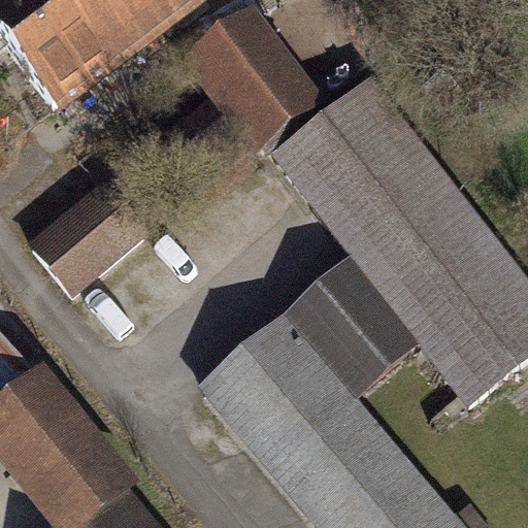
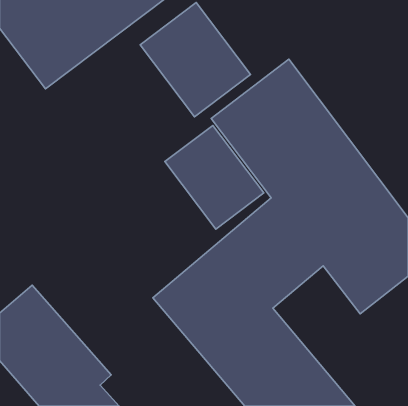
building: none -> [165,126,264,229]
building: [31,184,146,296] -> none

